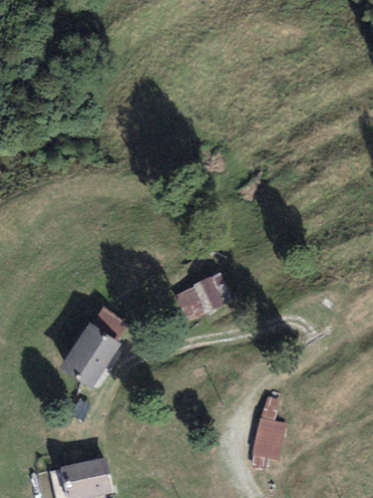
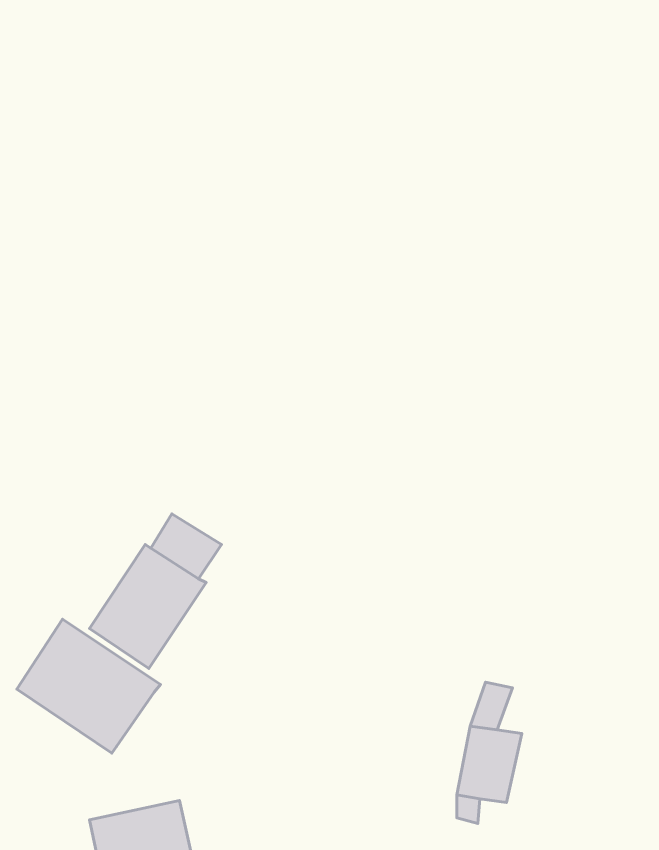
building: [174,271,234,323] -> none
building: none -> [17,619,161,753]

